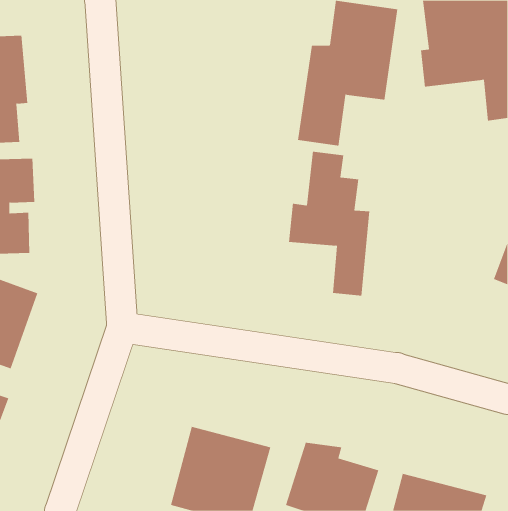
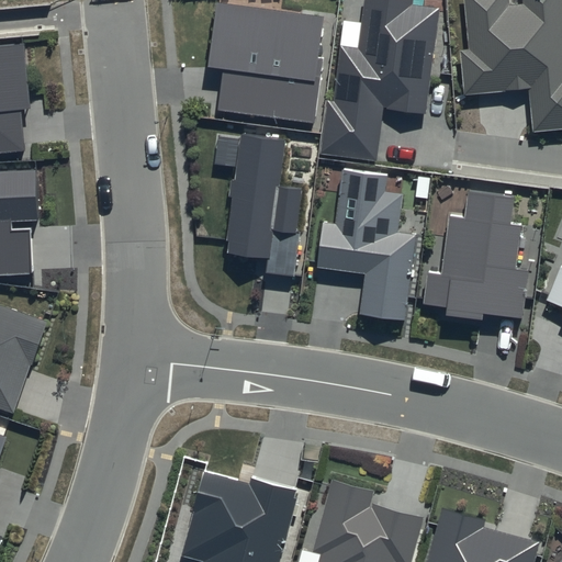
building: none -> [210,5,331,126]
building: none -> [227,136,303,279]
building: none -> [423,191,522,319]

